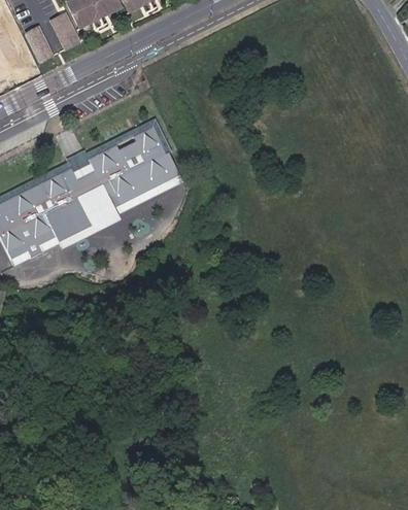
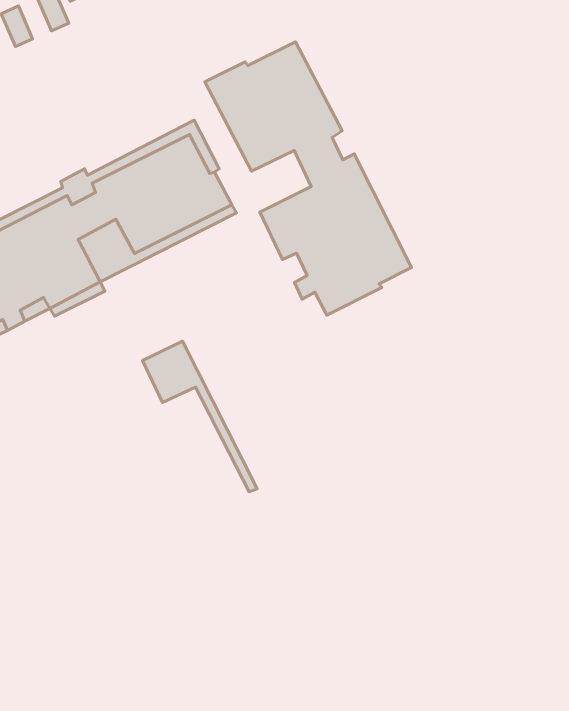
building: none -> [205,42,412,315]
building: none -> [143,341,257,492]

